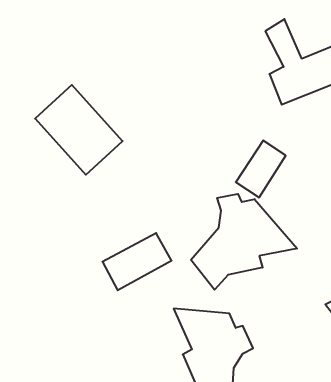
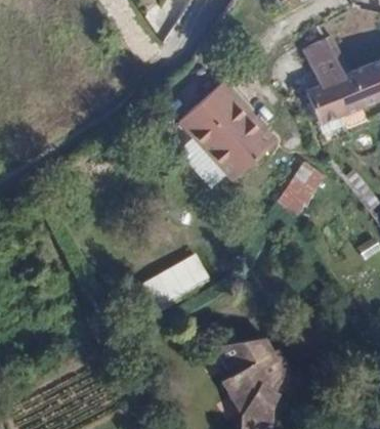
building: [35,85,123,175] -> [183,89,271,179]
building: [191,194,297,290] -> none

